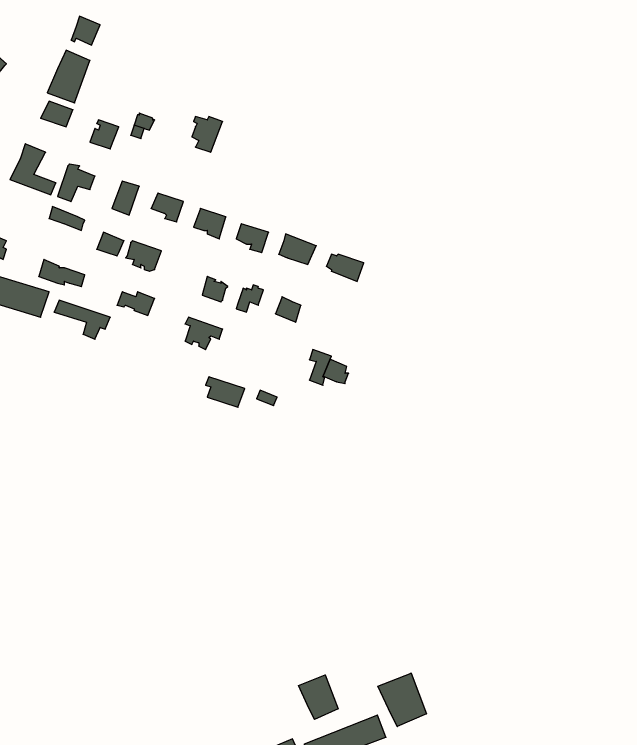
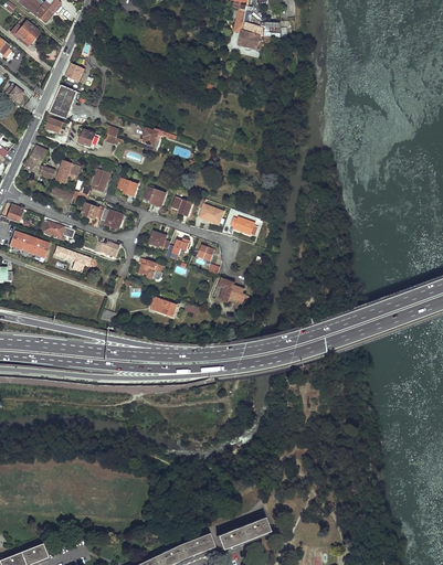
building: [378,673,426,727] -> none
building: [298,675,338,719] -> none

